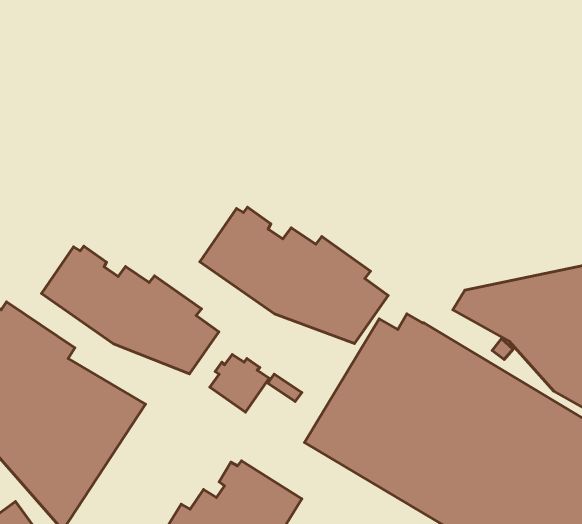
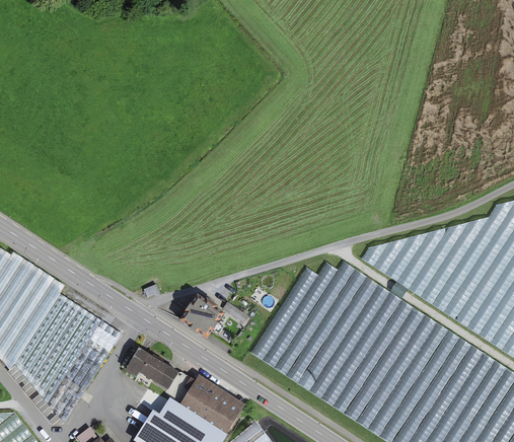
building: [200,207,388,343] -> none
building: [42,246,219,374] -> none
building: none -> [126,347,179,387]

